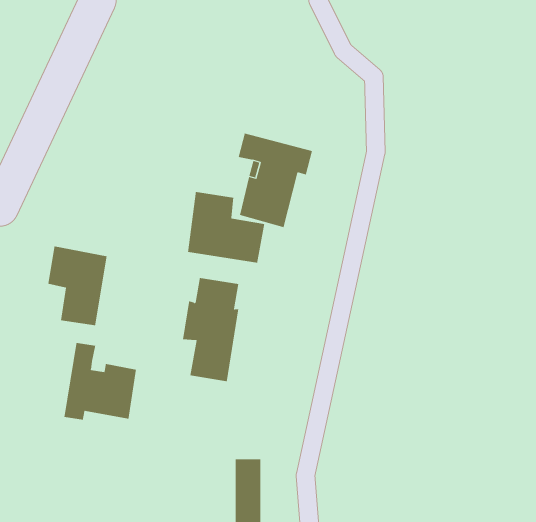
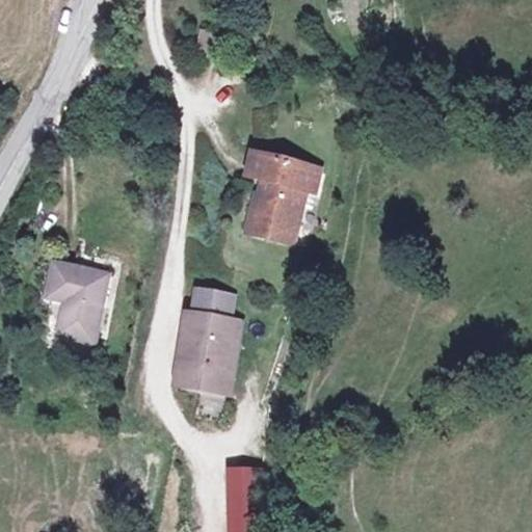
building: [187,191,265,264] -> none
building: [64,342,137,421] -> none

